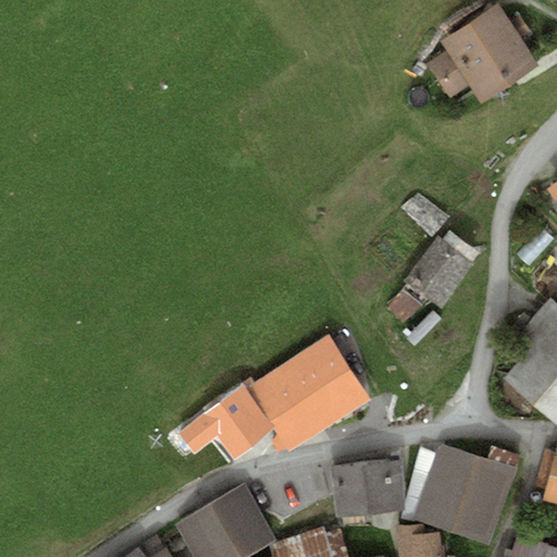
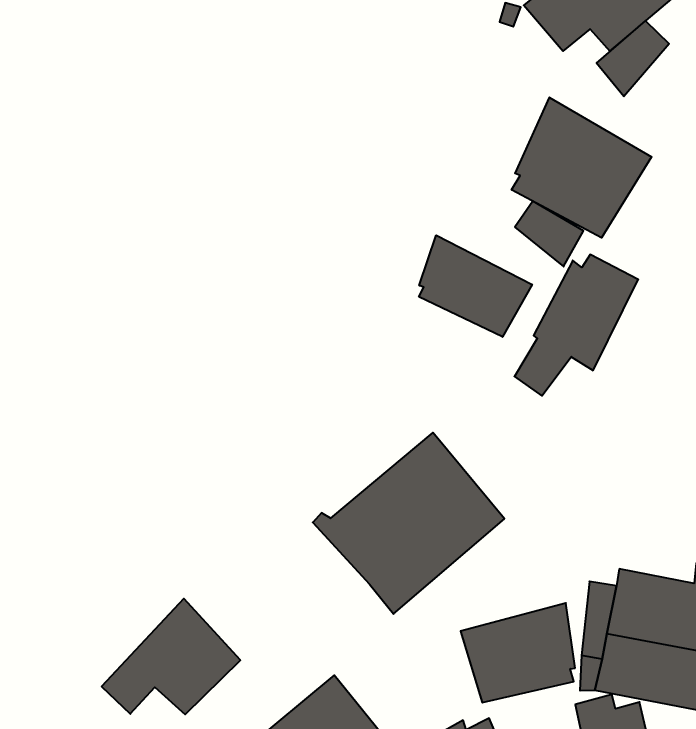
building: none -> [597,21,669,96]
building: none -> [512,97,652,238]
building: none -> [419,235,532,337]
building: [181,383,274,459] -> [102,599,240,714]

